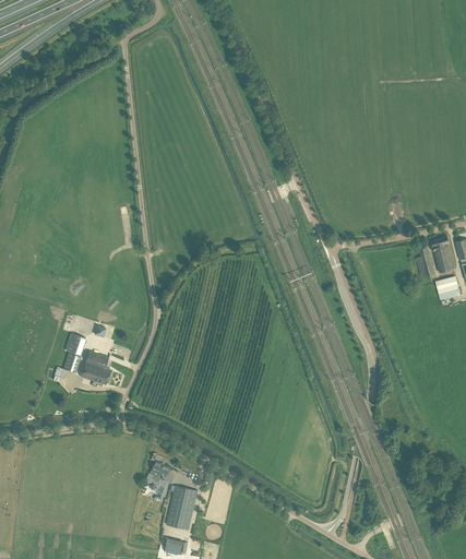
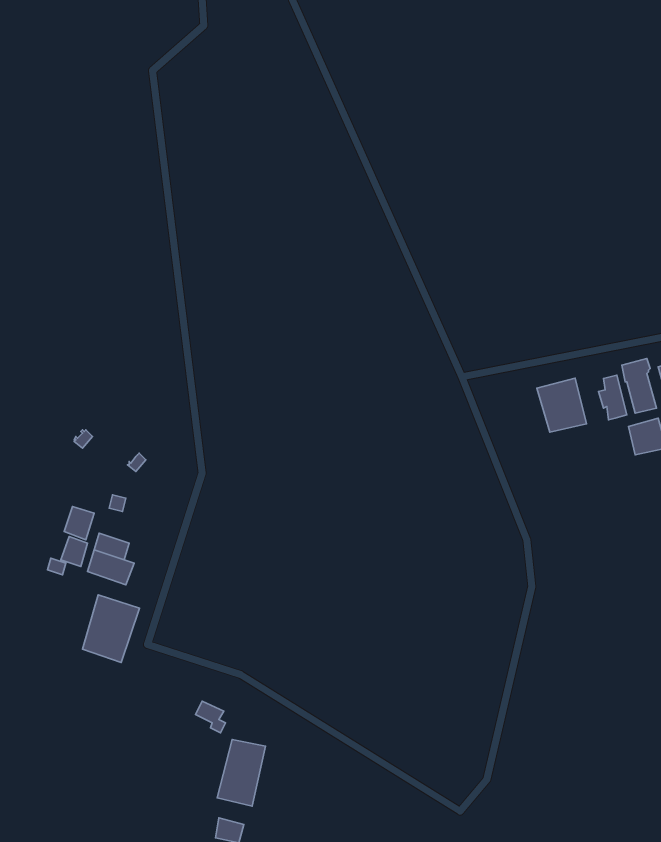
building: none -> [537,378,586,432]
building: none -> [83,595,139,663]

